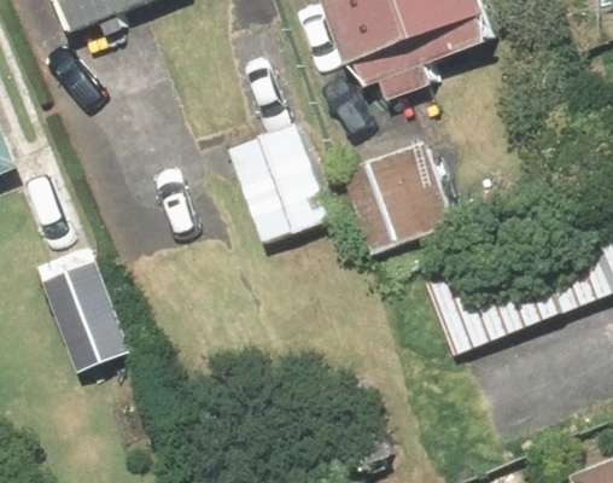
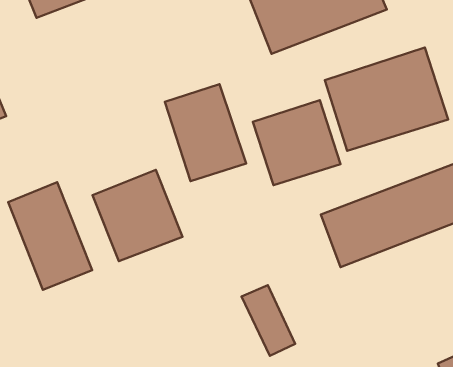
building: none -> [325,48,448,151]
building: none -> [93,170,183,261]

